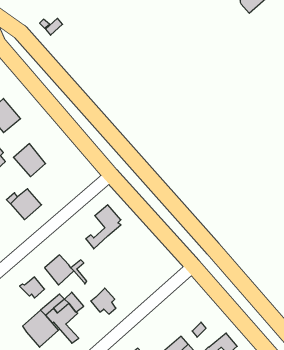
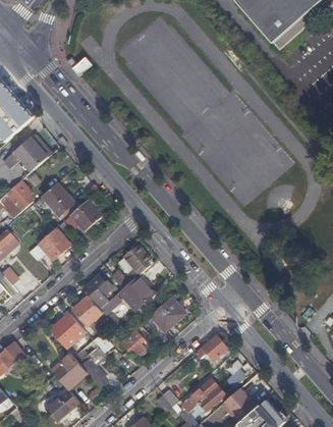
building: none -> [70,200,103,231]
building: none -> [81,276,112,306]
building: none -> [118,276,154,311]
building: none -> [151,297,185,331]
building: none -> [196,335,228,361]

